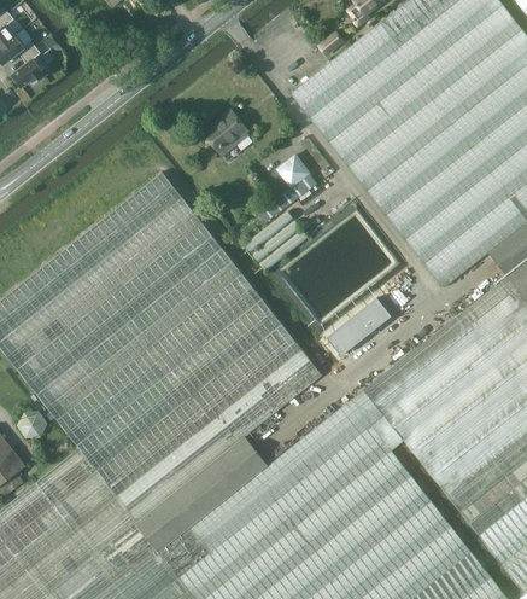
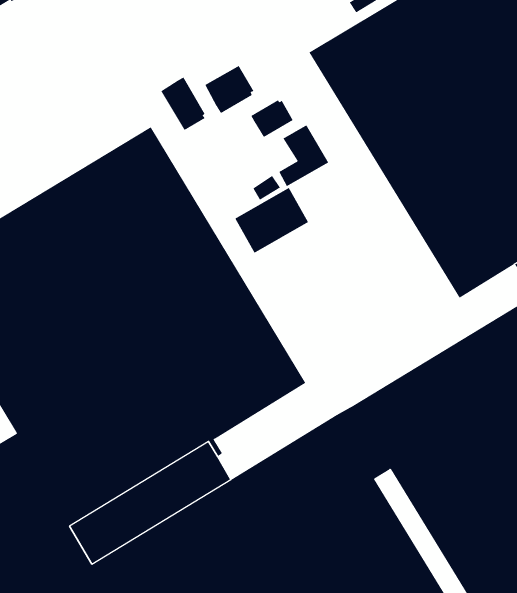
building: none -> [160,77,206,131]
building: none -> [250,100,293,138]
building: [327,298,391,355] -> none

